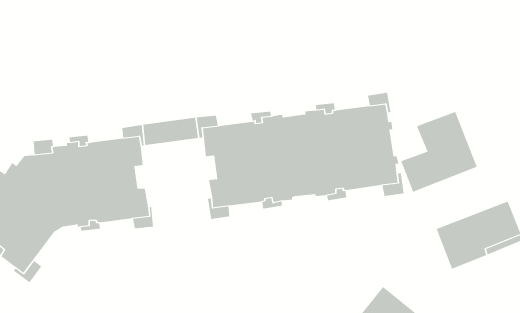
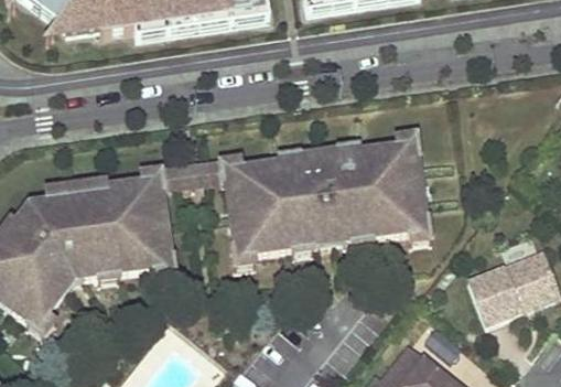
building: [400,111,478,192] -> none

